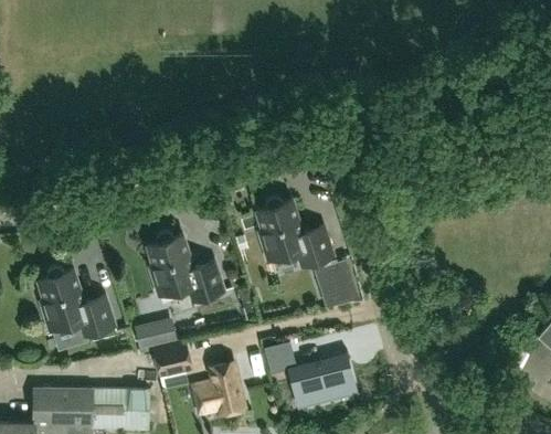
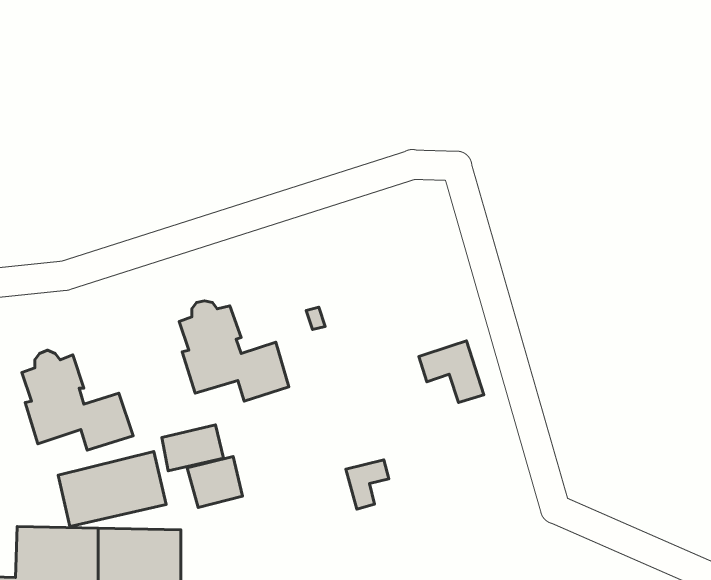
building: [257,197,333,266] -> none
building: none -> [58,451,166,527]
building: [290,353,354,403] -> none
building: [192,361,246,414] -> none

